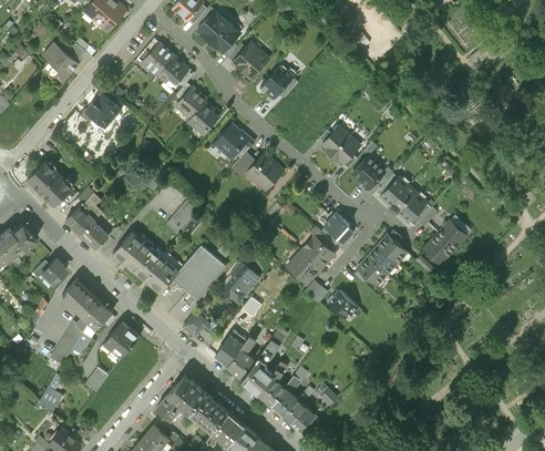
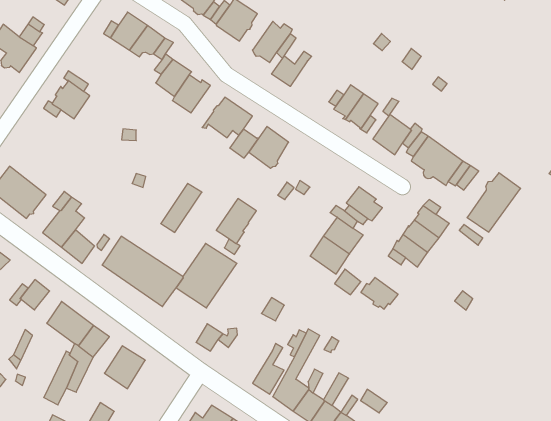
building: none -> [272,51,312,86]
building: [222,265,257,303] -> [216,199,256,244]
building: [214,331,246,367] -> none

